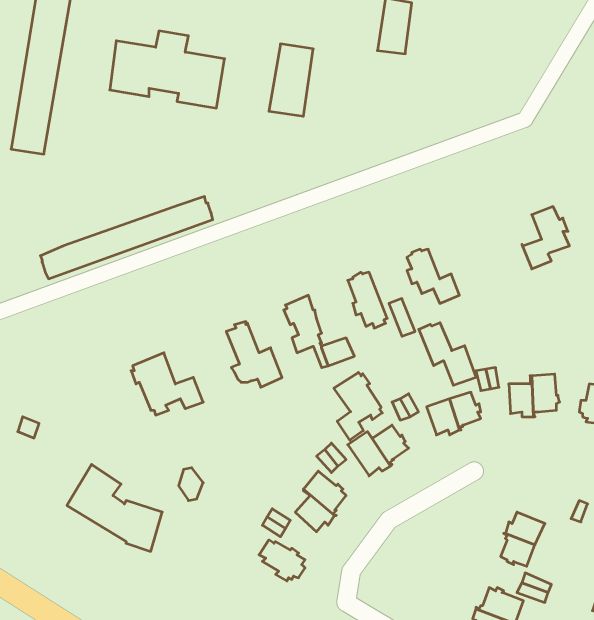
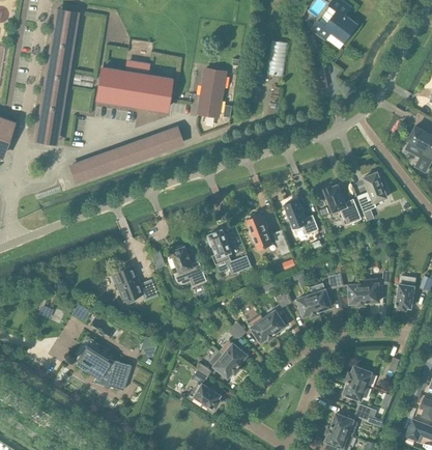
building: [40,197,213,279] -> [71,129,180,180]
building: [419,323,476,385] -> [324,185,361,224]
building: [334,372,382,440] -> none

